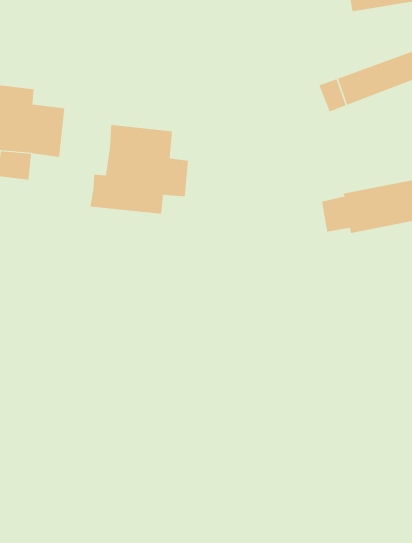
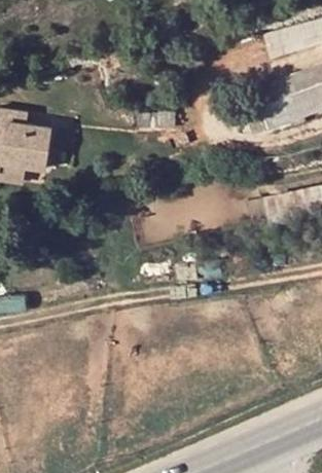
building: [90,124,189,215] -> none

